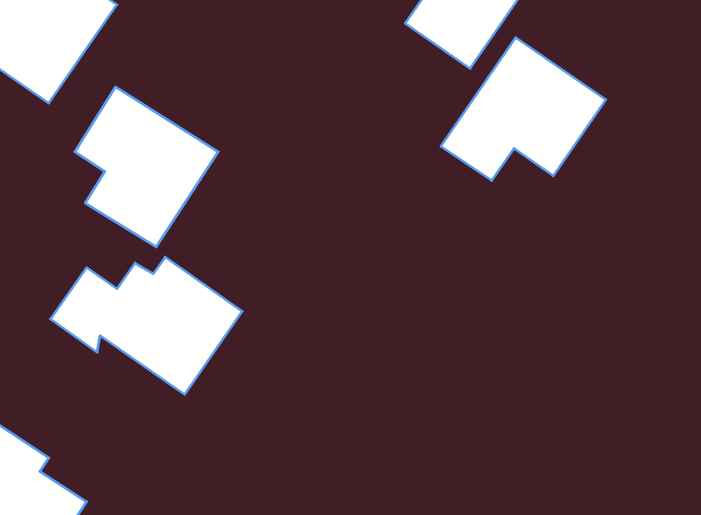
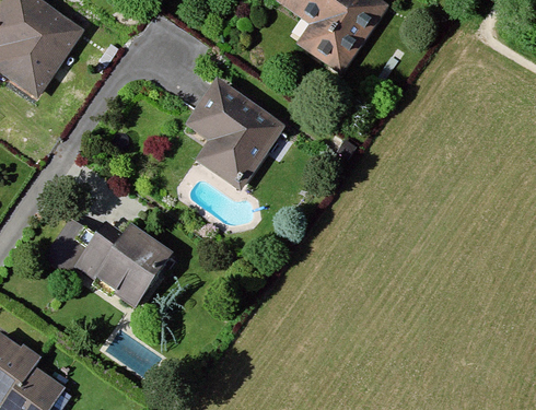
building: [441,38,606,181] -> none
building: [75,87,218,247] -> [184,79,288,195]

